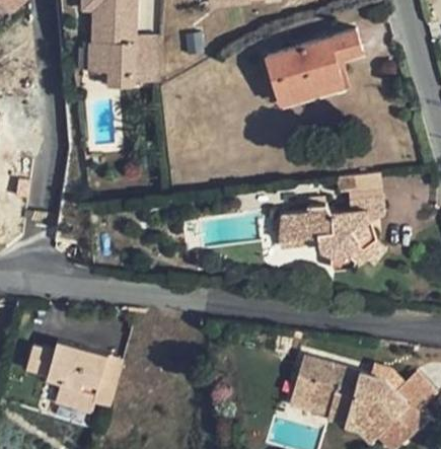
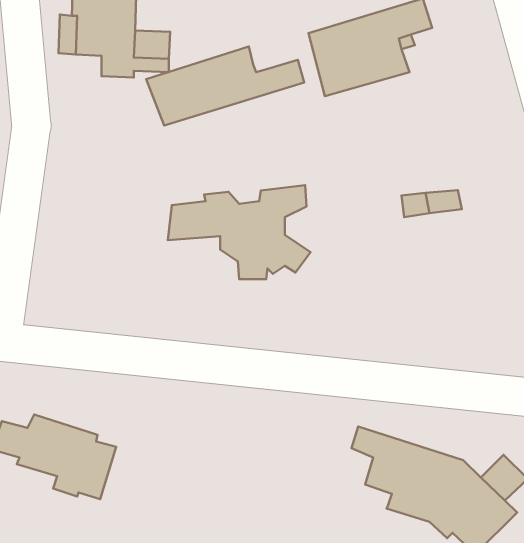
building: none -> [146,47,304,125]
building: [279,199,386,270] -> [168,185,310,279]
building: [289,369,329,413] -> none

